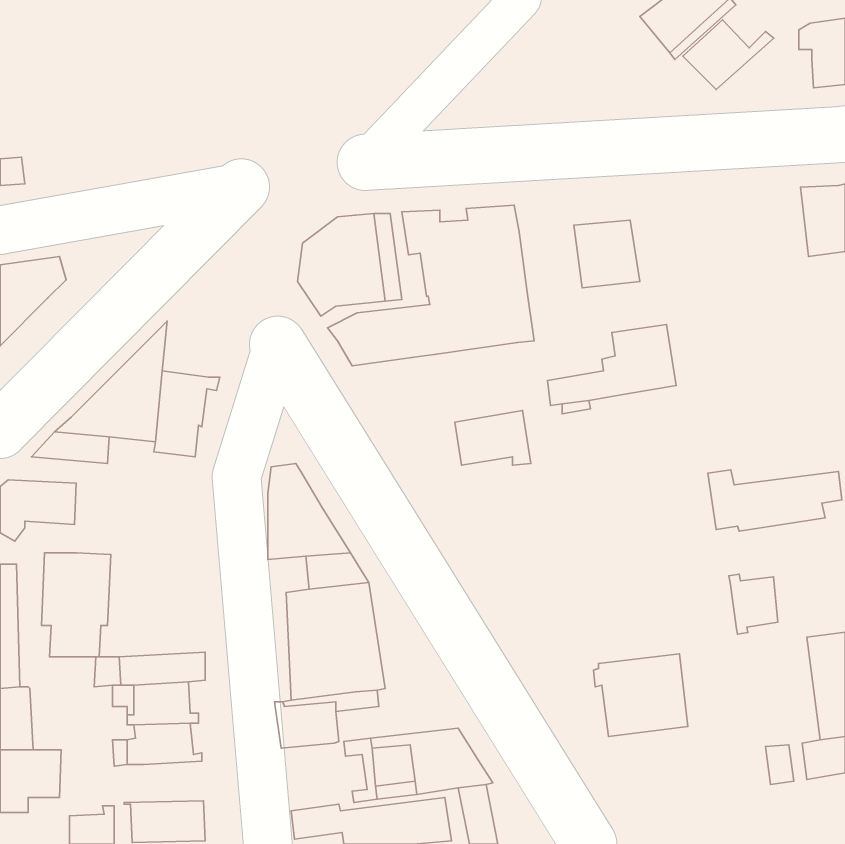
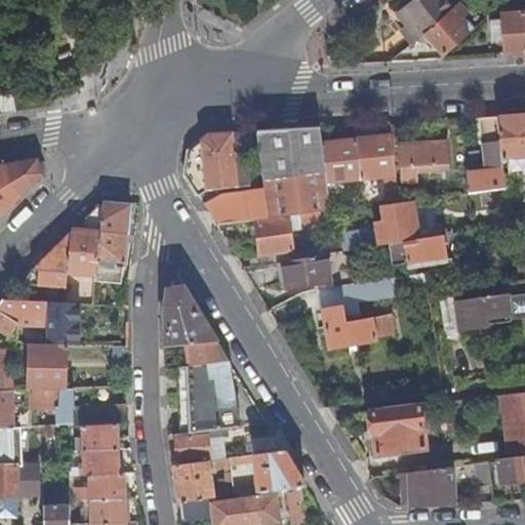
building: none -> [467,116,506,193]
building: none -> [322,139,361,183]
building: none -> [399,142,450,183]
building: none -> [100,199,132,234]
building: none -> [255,212,322,255]
building: none -> [389,232,465,266]
building: none -> [318,281,394,348]
building: none -> [47,299,81,344]
building: [729,574,778,634] -> none
building: none -> [174,460,212,502]
building: none -> [399,467,455,506]
building: none -> [76,472,130,497]

